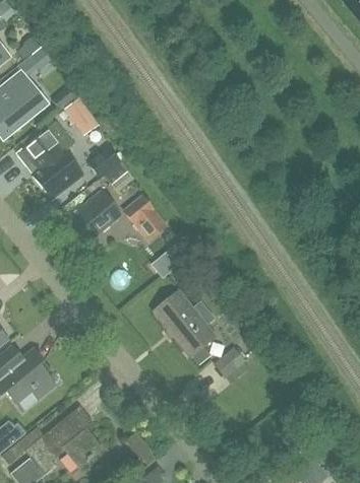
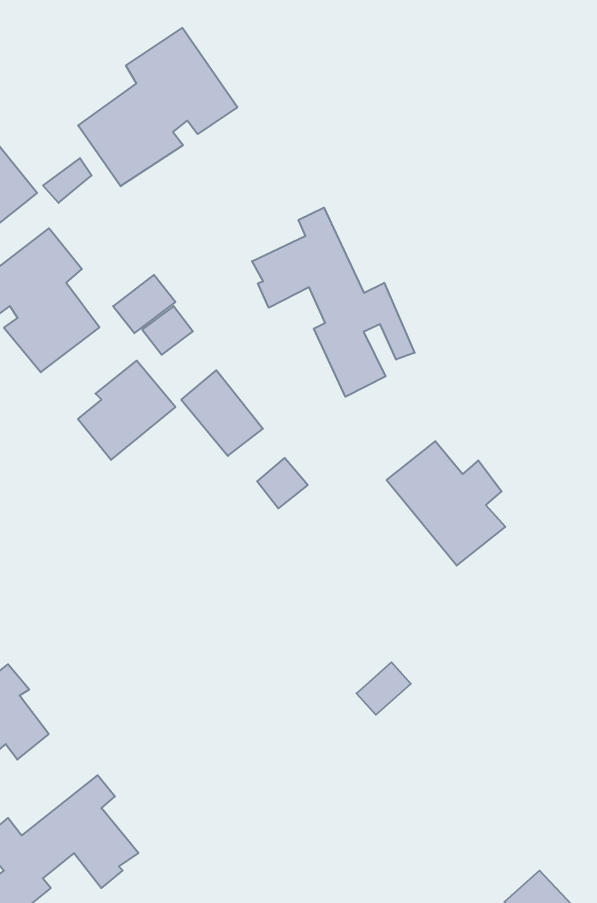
building: none -> [78,28,237,186]
building: [65,96,96,130] -> none
building: none -> [252,208,415,397]
building: [154,290,216,355] -> [387,441,505,566]

